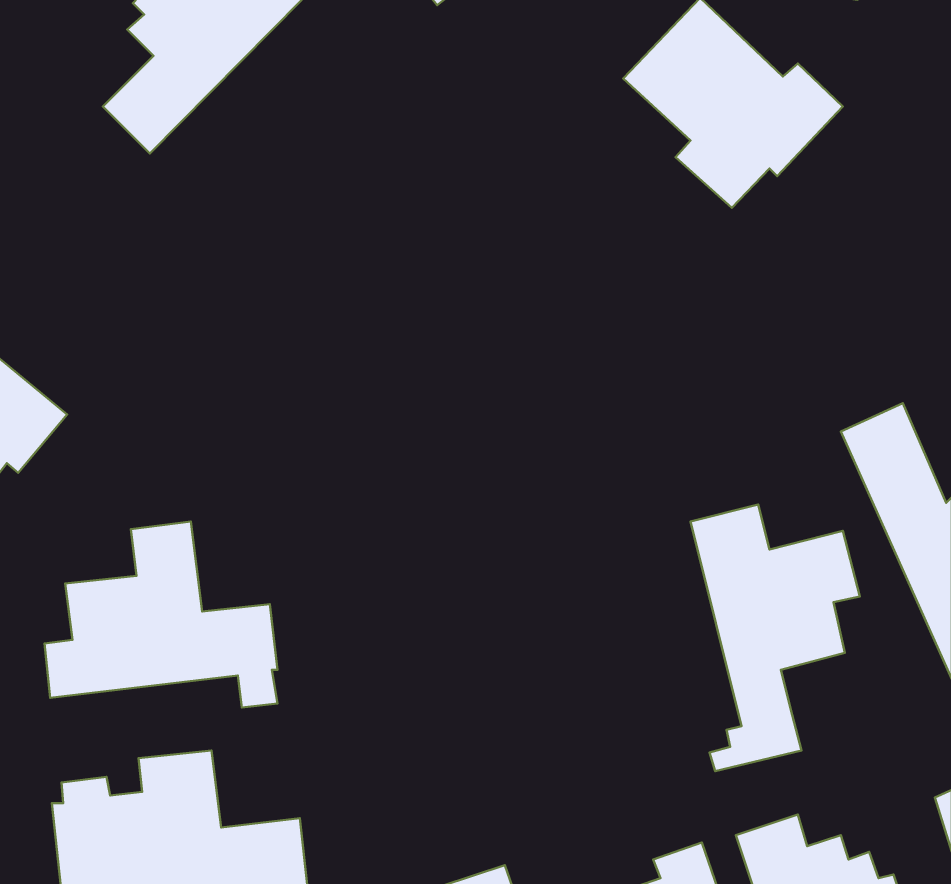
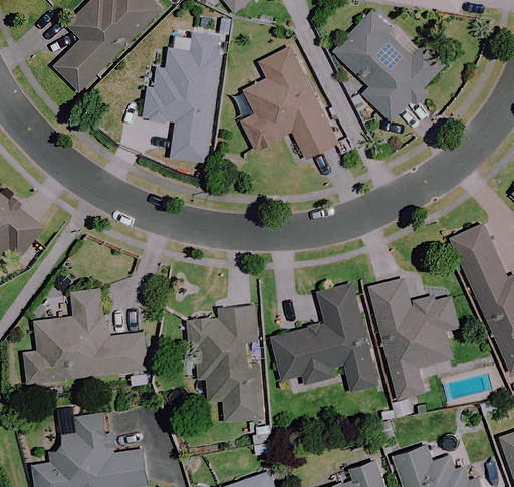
building: none -> [147,33,223,162]
building: none -> [241,47,338,159]
building: none -> [271,285,376,392]
building: none -> [190,306,264,422]

